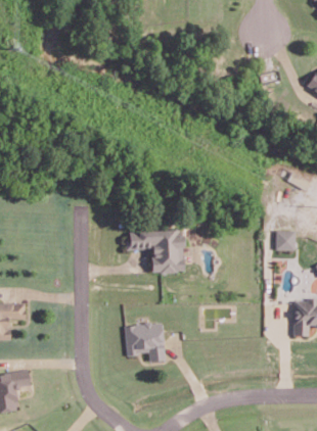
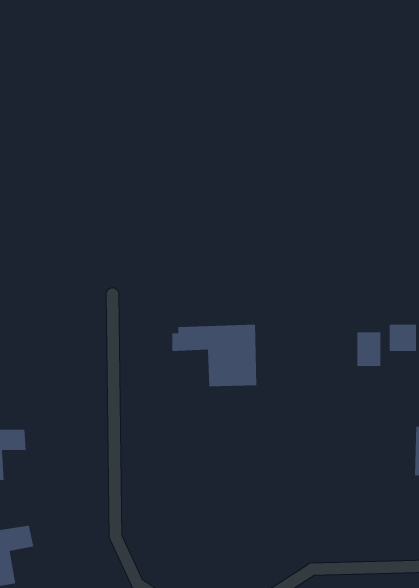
building: none -> [356,331,381,367]
building: [125,322,166,362] -> none

